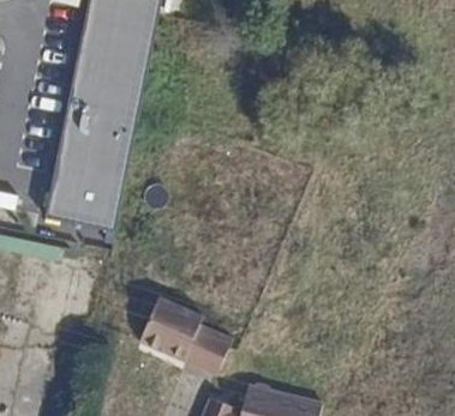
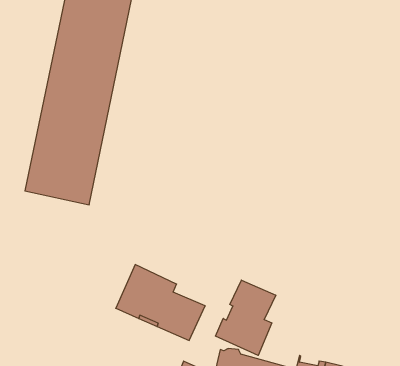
building: none -> [215,280,276,355]

